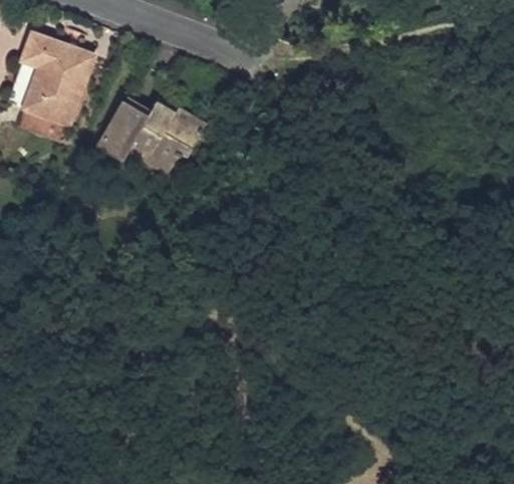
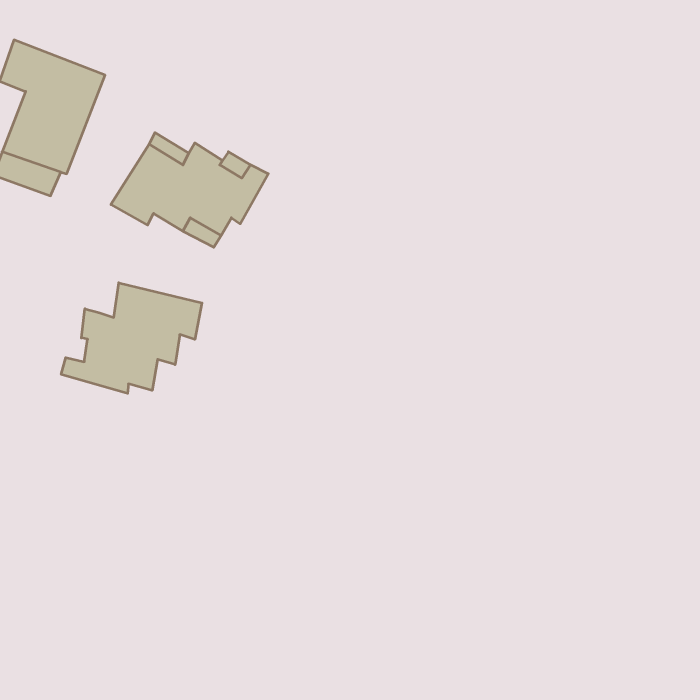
building: none -> [61,283,202,393]

